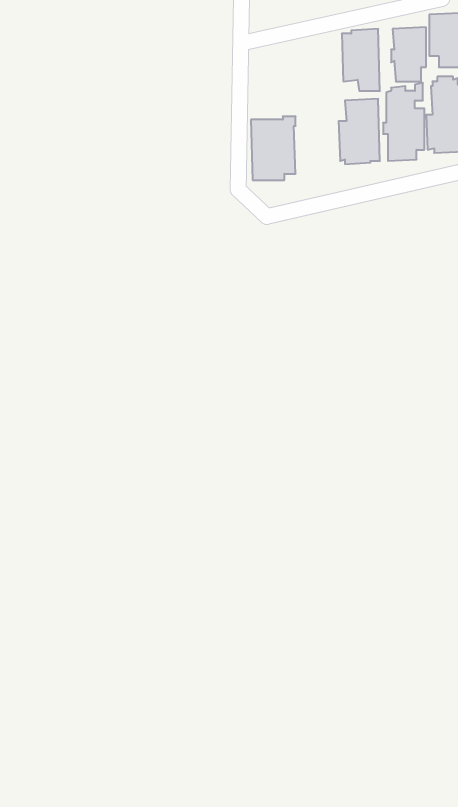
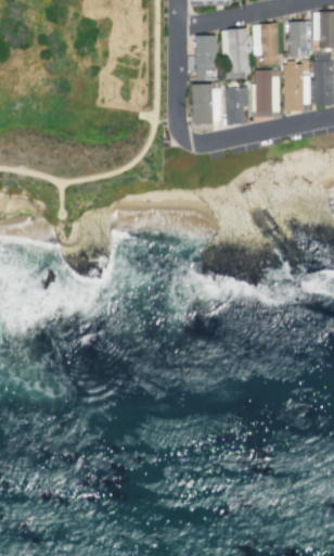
building: none -> [221,27,252,73]
building: none -> [195,36,215,79]
building: none -> [224,87,248,125]

